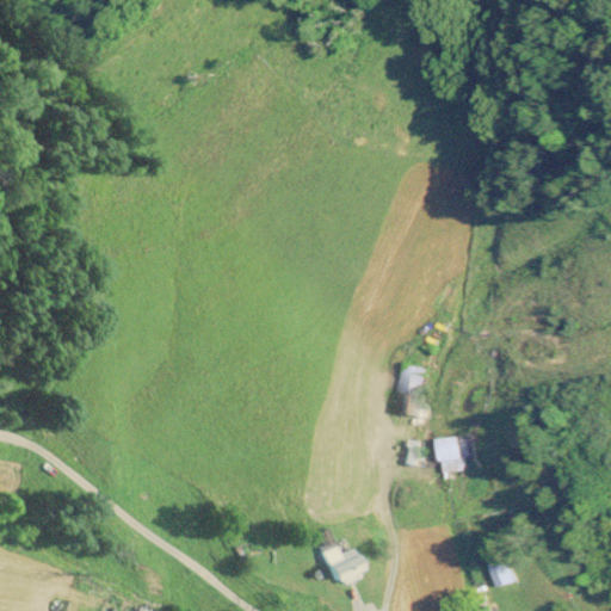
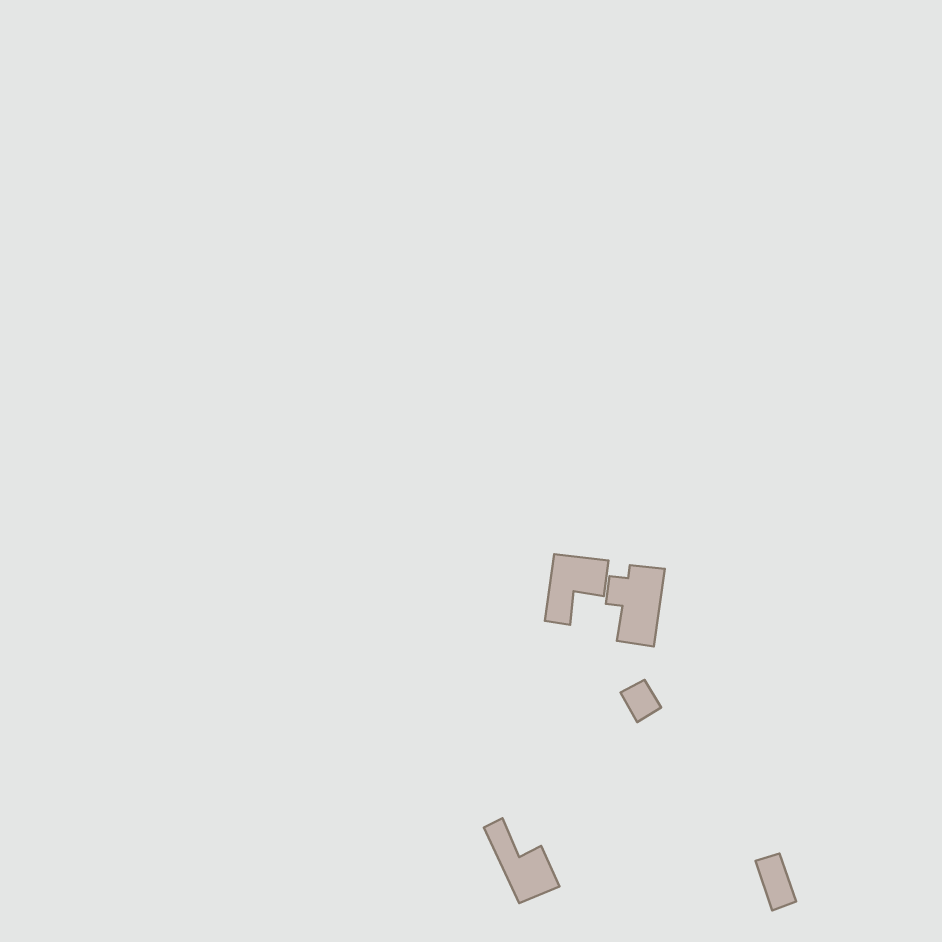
building: none -> [545,554,609,625]
building: [437,439,467,473] -> none

